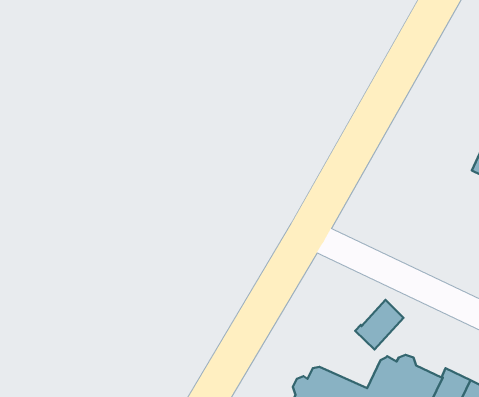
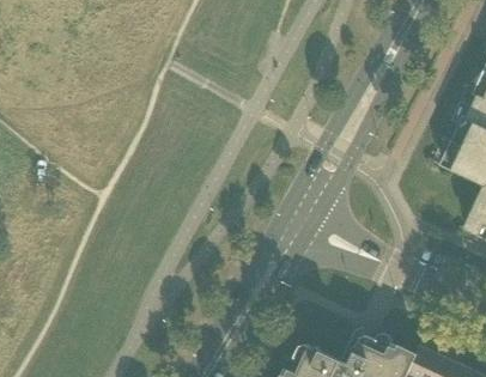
building: [355,300,403,349] -> none

